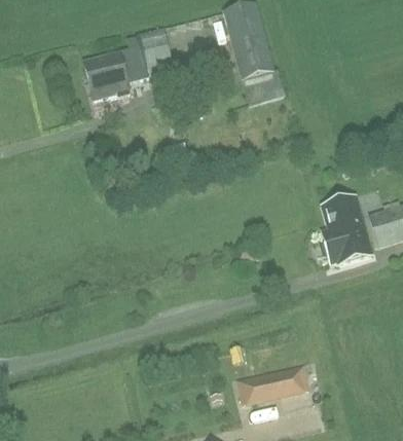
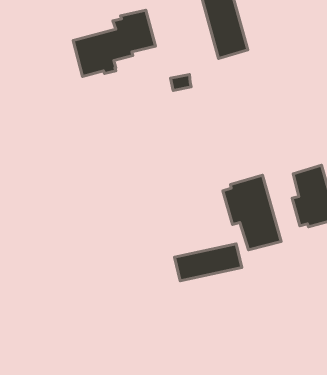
building: none -> [223,175,281,250]
building: [236,365,309,405] -> [175,244,242,281]

